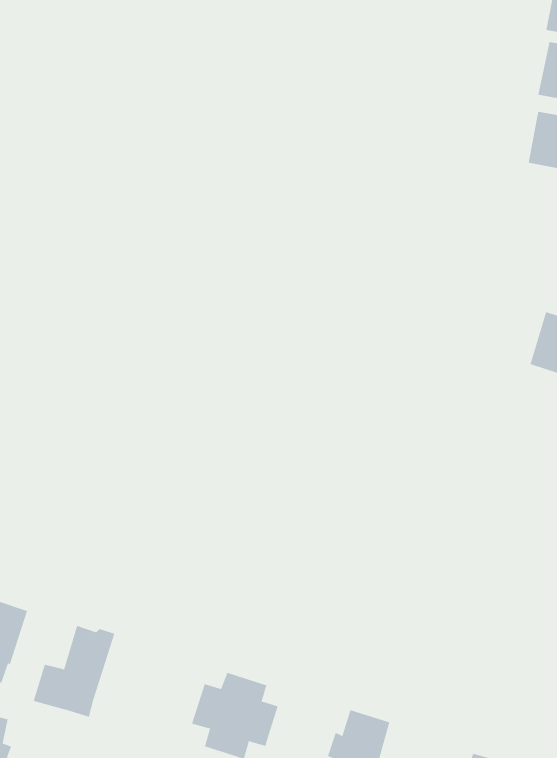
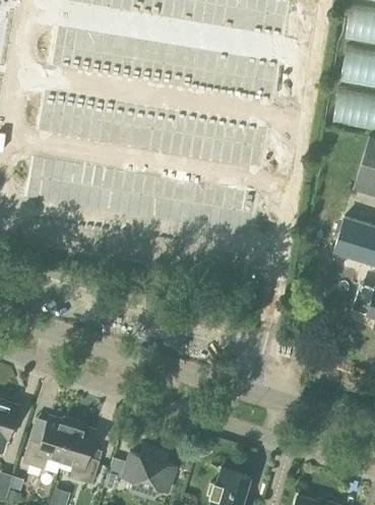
building: none -> [61,419,100,484]

